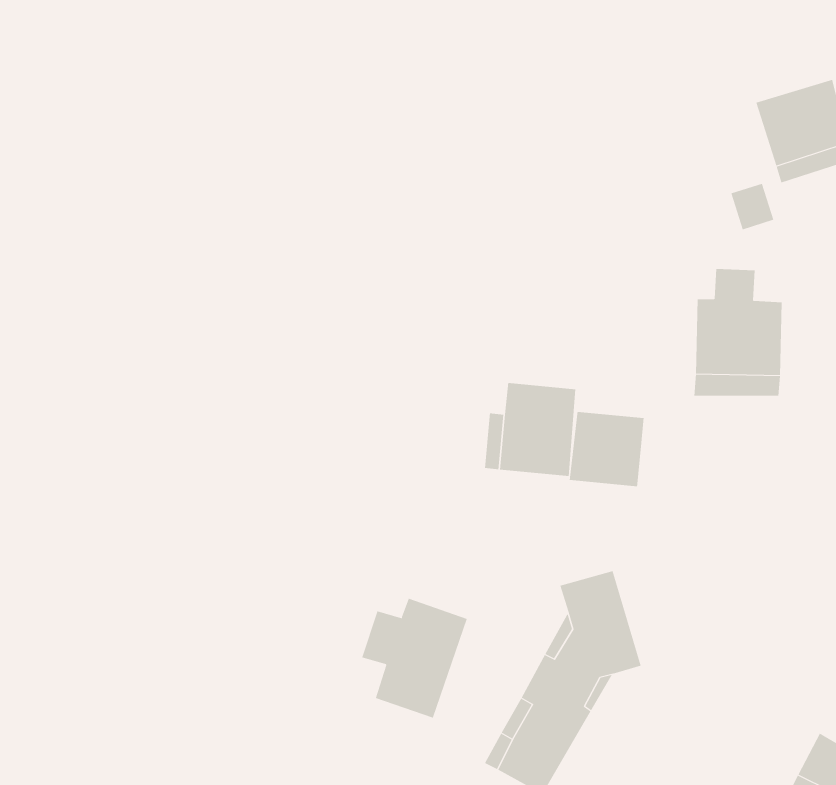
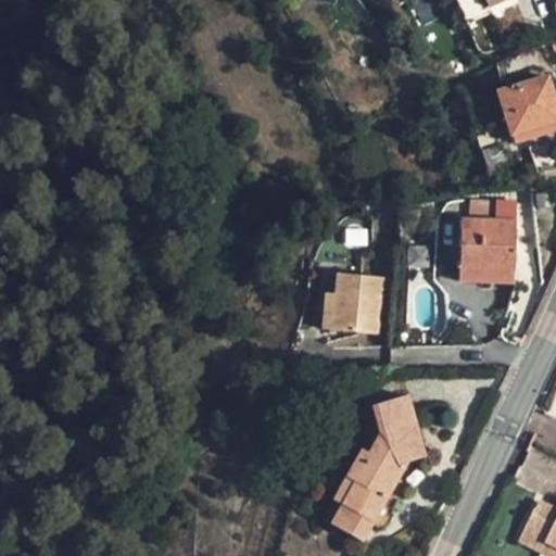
building: [569,411,644,487] -> none
building: [362,598,468,719] -> none

